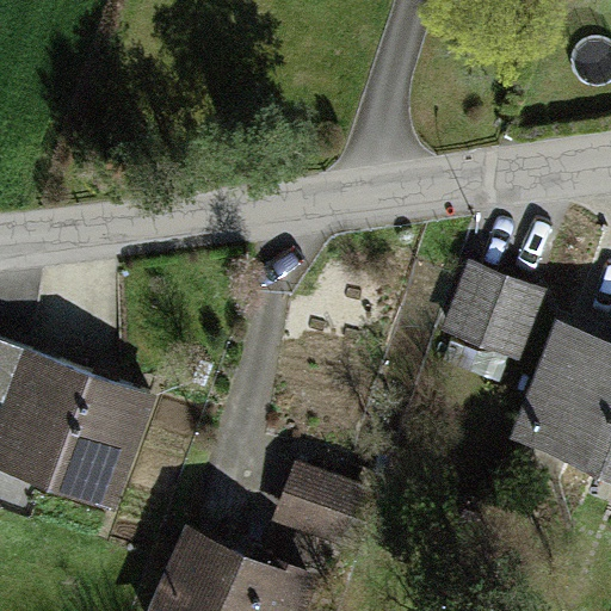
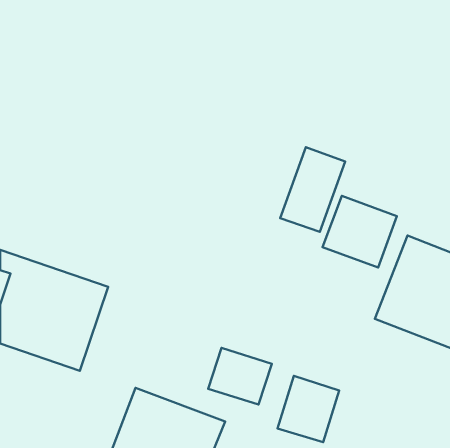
building: none -> [280,147,345,232]
building: none -> [277,376,339,442]

